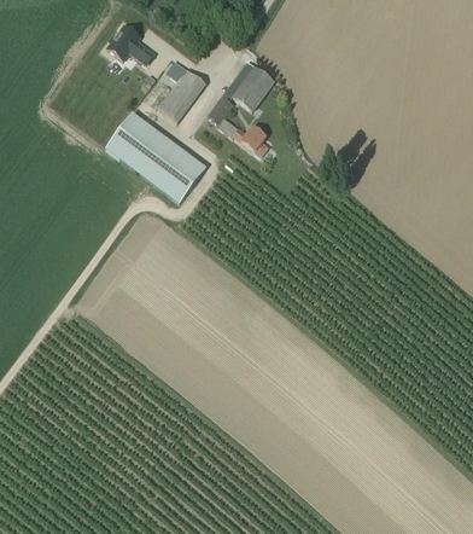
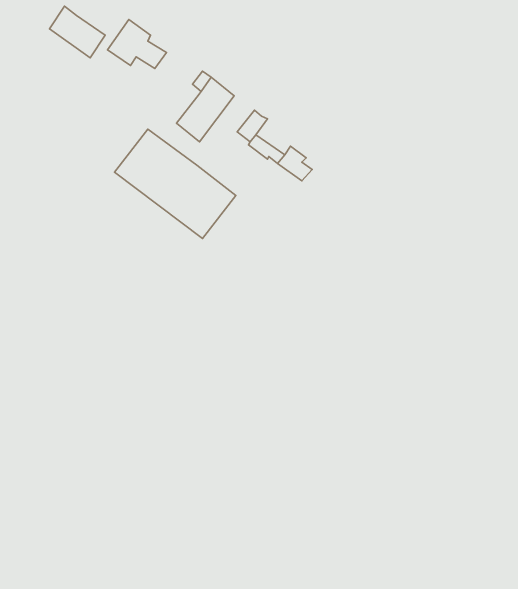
building: none -> [50,6,105,58]
building: [232,60,274,110] -> none

